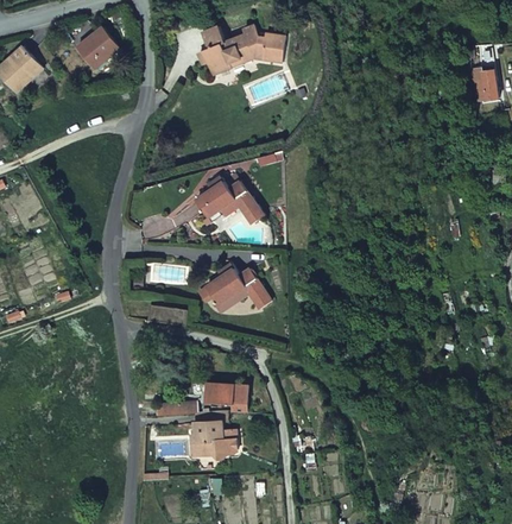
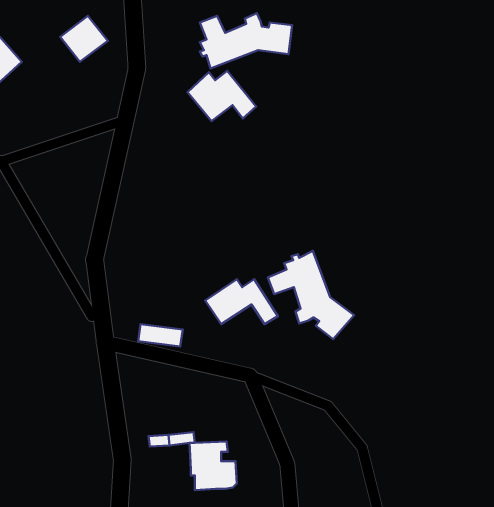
building: [201,176,263,221] -> [188,71,256,121]
building: none -> [268,251,354,339]
building: [206,385,242,412] -> none

